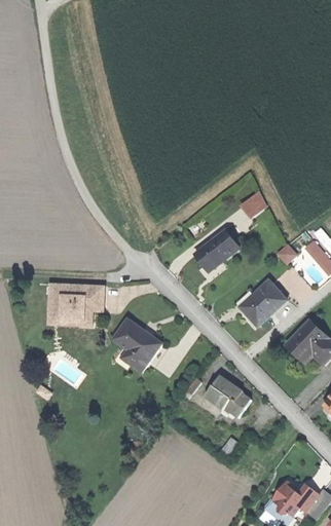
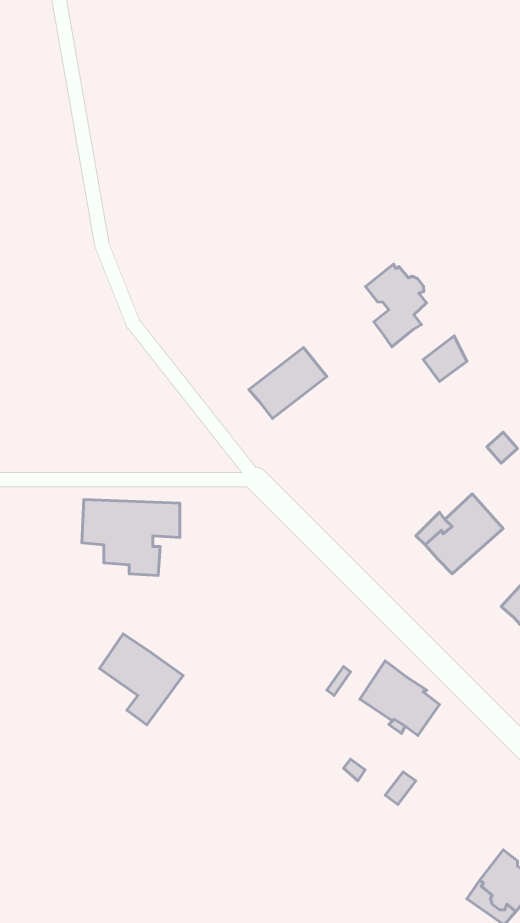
building: none -> [366,264,427,347]
building: [194,231,238,271] -> [249,348,327,418]
building: [114,321,161,372] -> [100,634,183,725]

